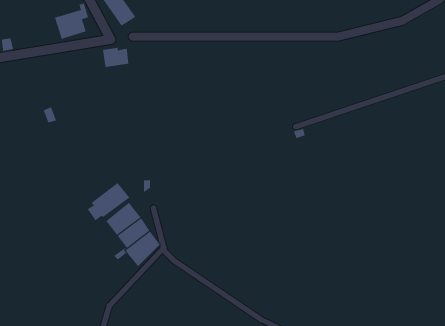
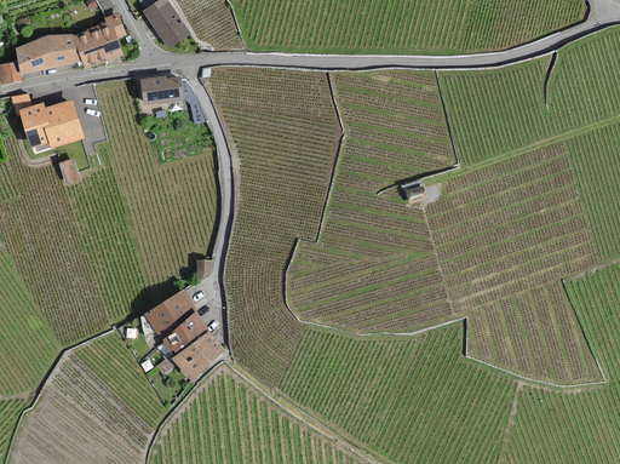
building: none -> [17,34,78,70]
building: none -> [12,92,82,150]
building: [87,182,130,221] -> none

